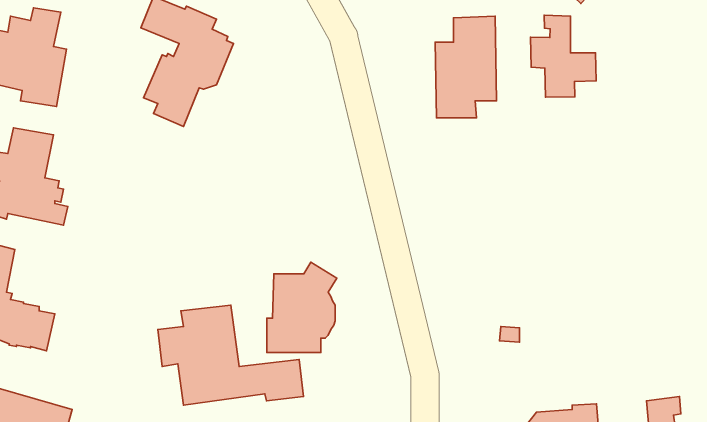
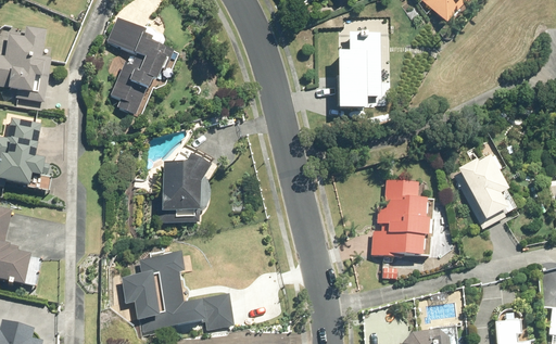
building: [531,15,596,97] -> none
building: none -> [454,155,505,229]
building: none -> [370,179,433,256]
building: [267,262,337,352] -> [160,153,213,221]

